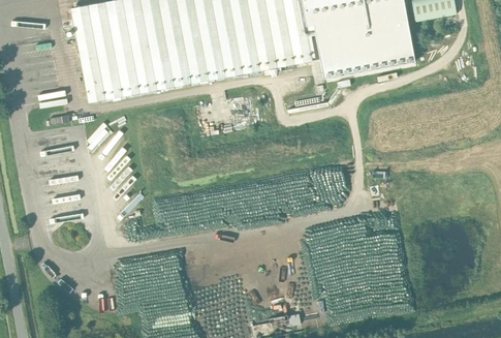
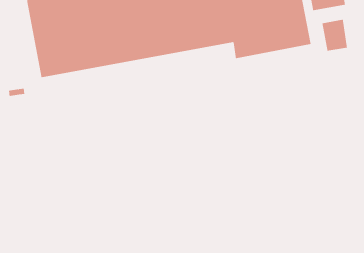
building: none -> [322,19,347,52]

